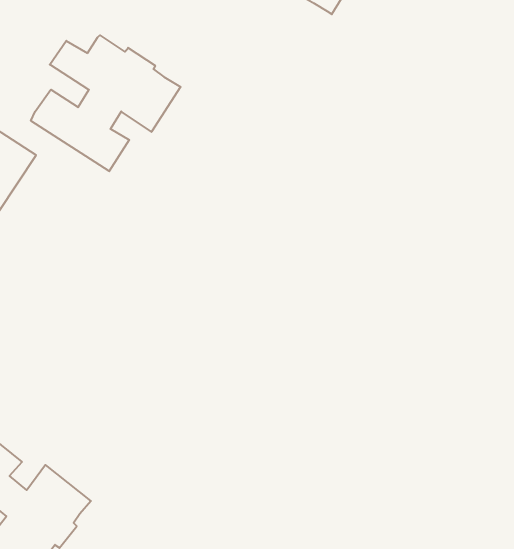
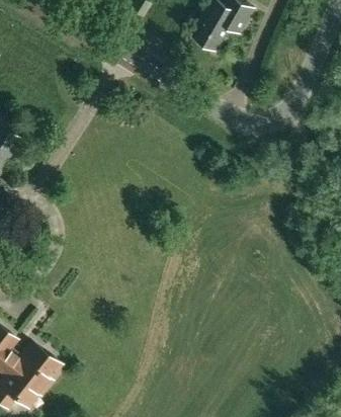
building: [31,35,181,171] -> none

